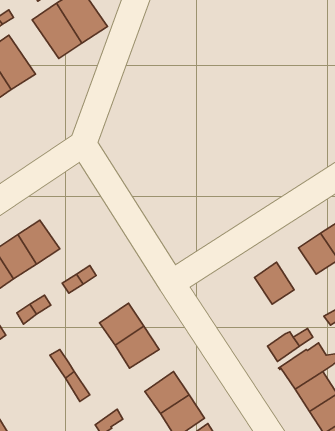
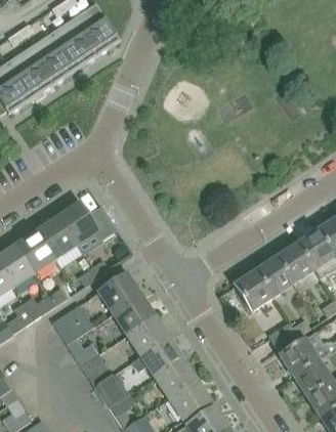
building: none -> [29,33,75,83]
building: none -> [57,204,117,245]
building: none -> [277,244,313,283]
building: none -> [235,271,272,310]
building: none -> [98,273,139,313]
building: none -> [52,311,83,343]
building: none -> [131,338,181,377]
building: none -> [94,374,129,407]

